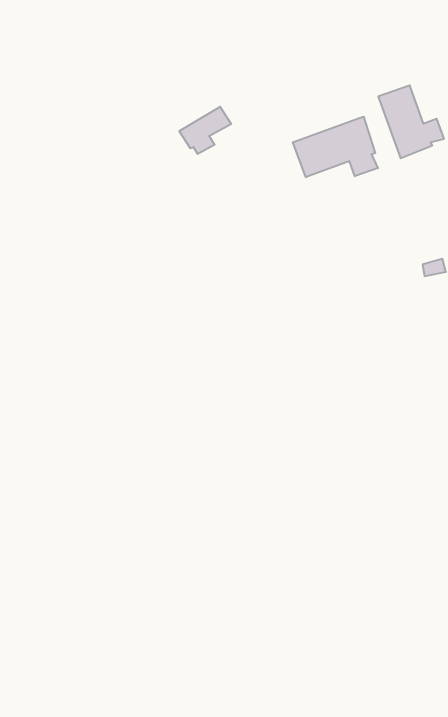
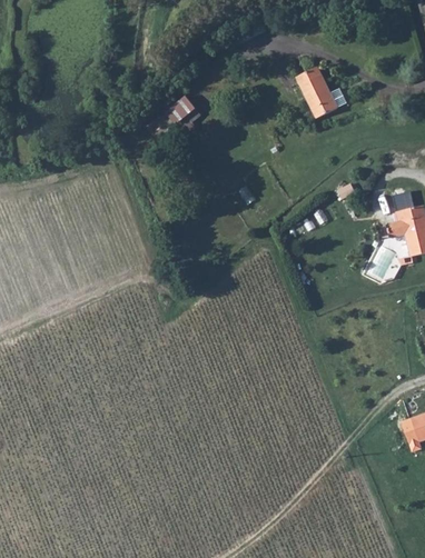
building: [293,117,378,177] -> none

